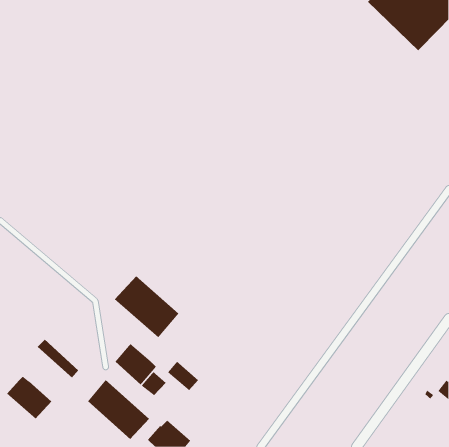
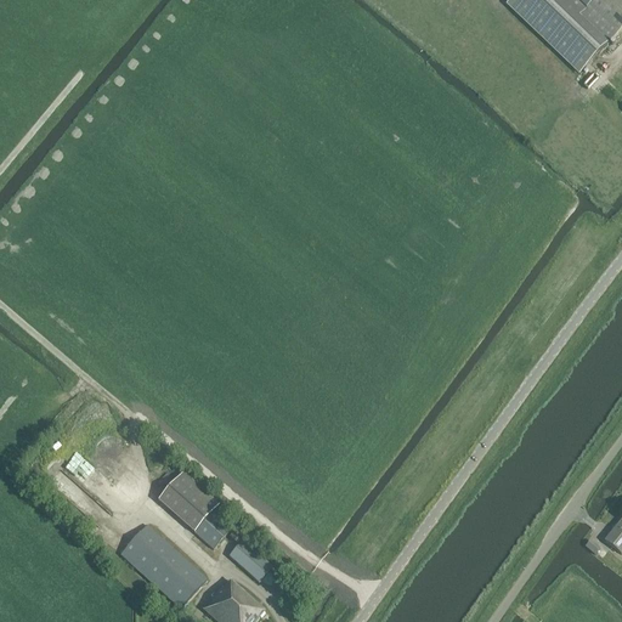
building: [114,276,179,338] -> none
building: [167,361,199,391] -> [228,539,272,581]
building: [6,376,52,420] -> none

